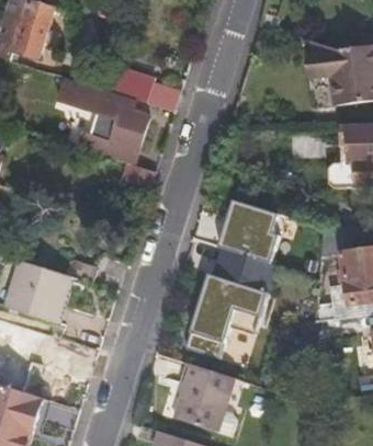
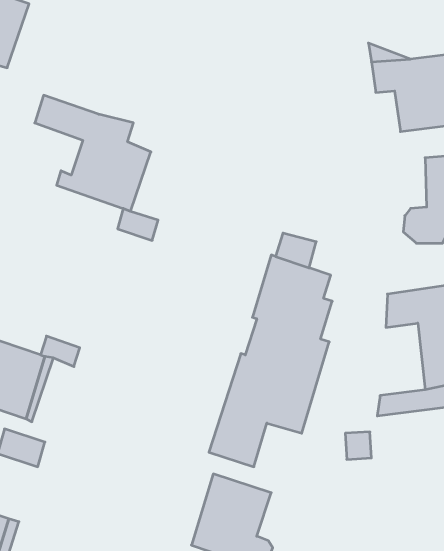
building: [106,67,178,112] -> none

